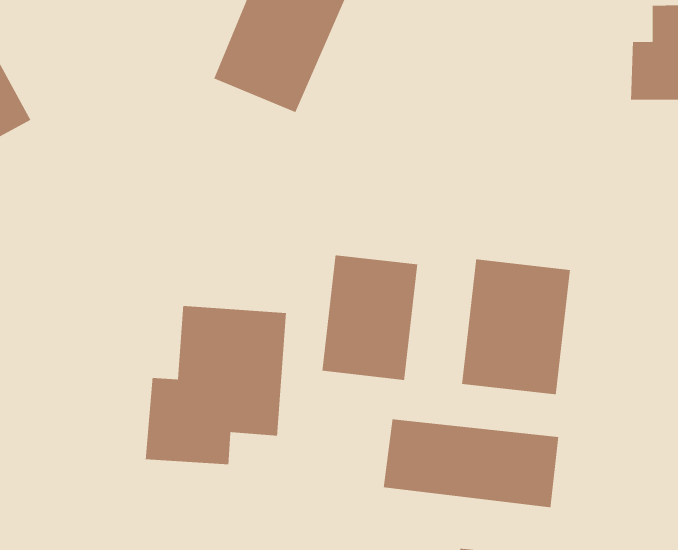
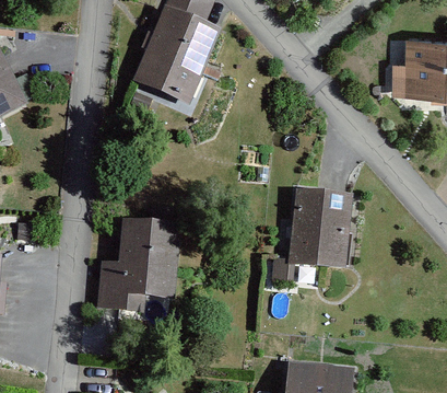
building: [321,254,418,381] -> none
building: [383,418,559,508] -> none

